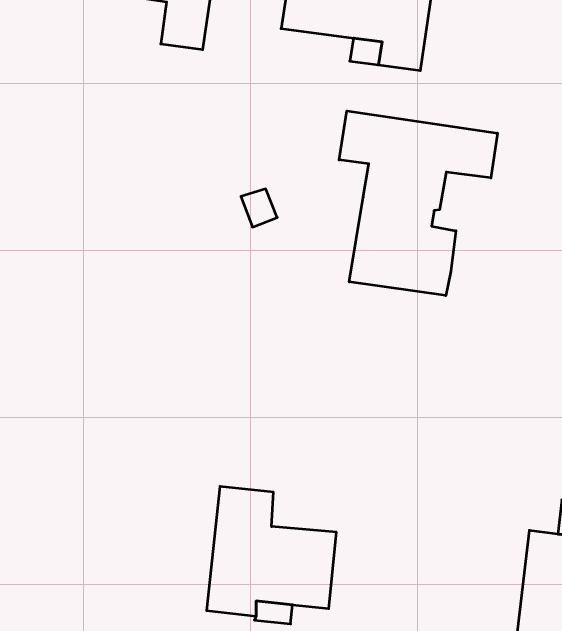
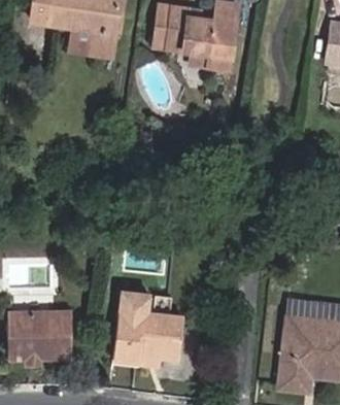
building: [339,111,497,296] -> none
building: none -> [8,310,72,360]

